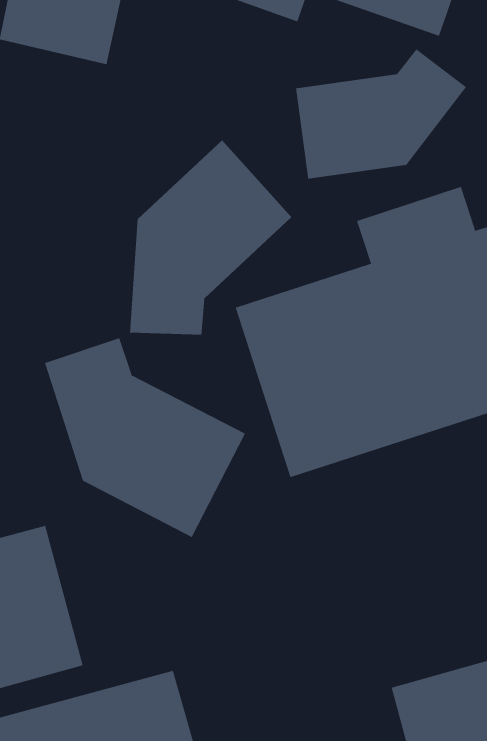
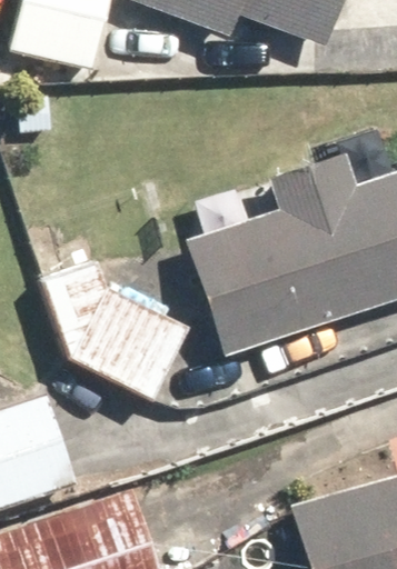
building: [296,48,467,179] -> none
building: [130,140,292,335] -> none

